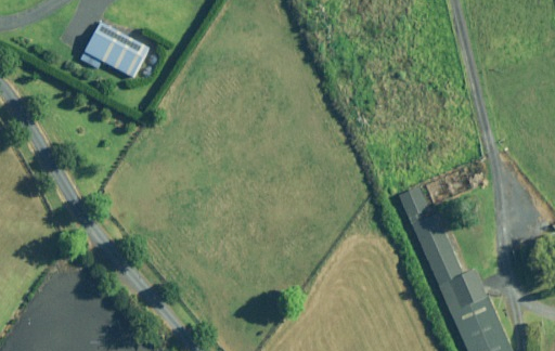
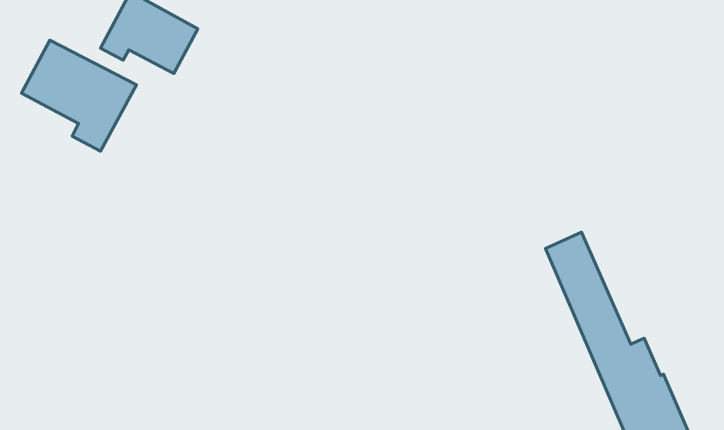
building: none -> [22,40,136,151]

